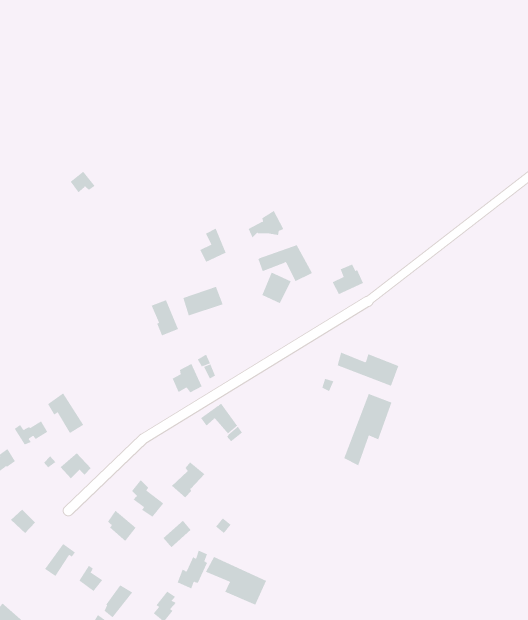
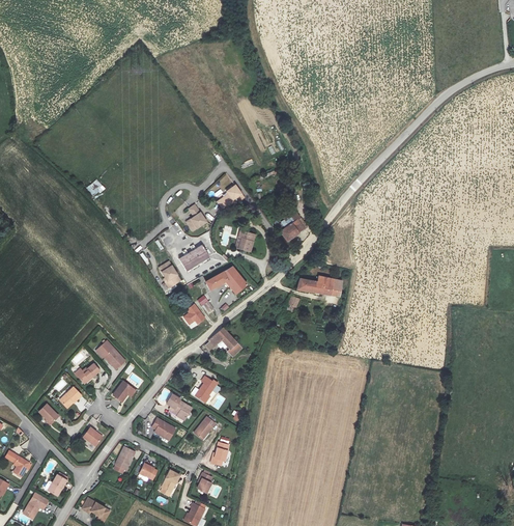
building: [257,244,313,282] -> [205,267,247,294]
building: [344,393,392,466] -> none
building: [205,556,267,605] -> none

